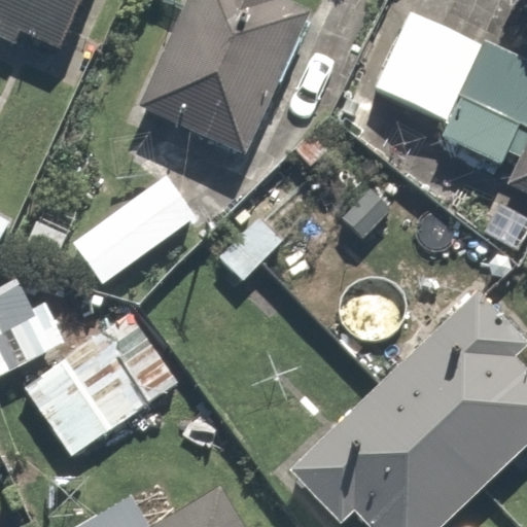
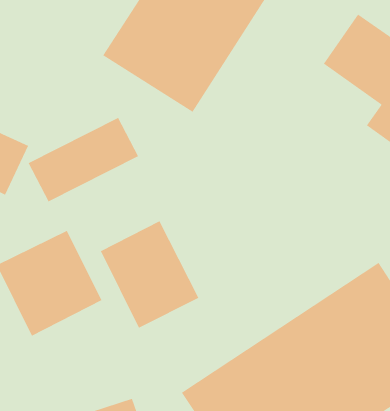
building: none -> [100,220,200,329]

